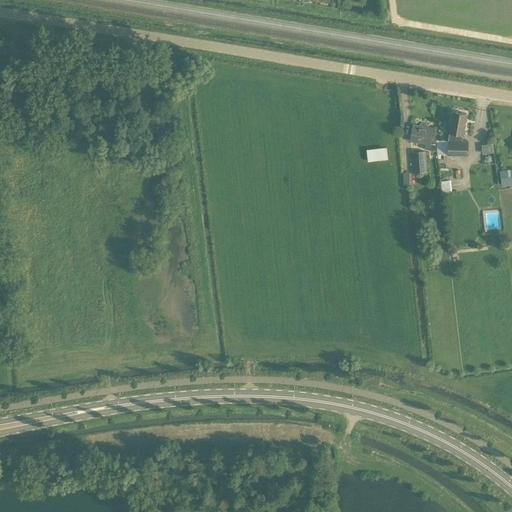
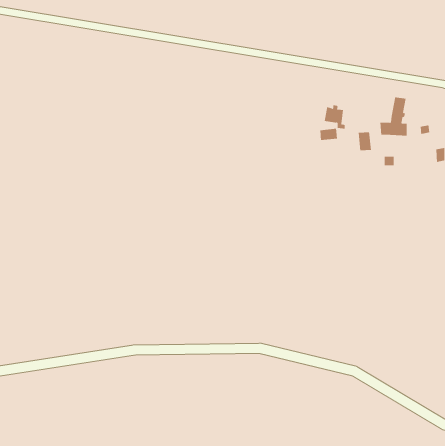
building: [409,122,434,150] -> [324,105,346,129]

